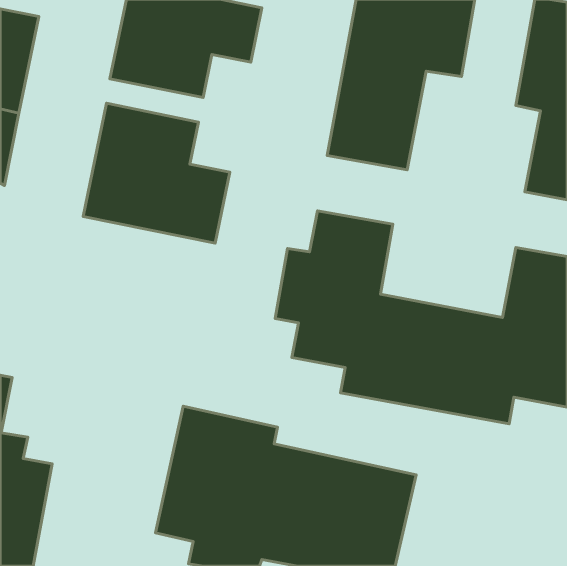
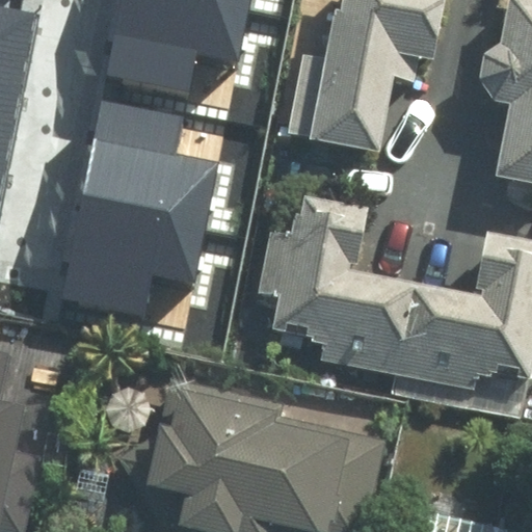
building: none -> [59,203,202,312]

